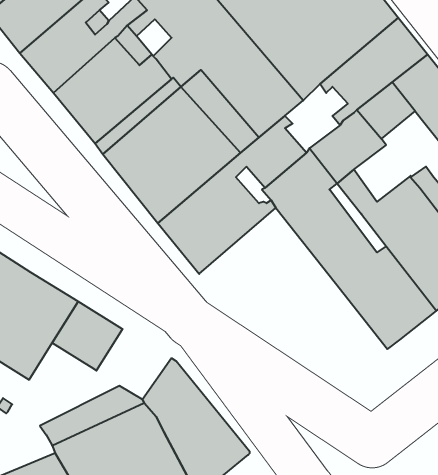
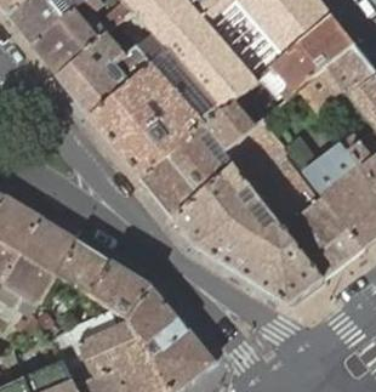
building: none -> [173,166,323,302]
building: none -> [92,262,152,318]

